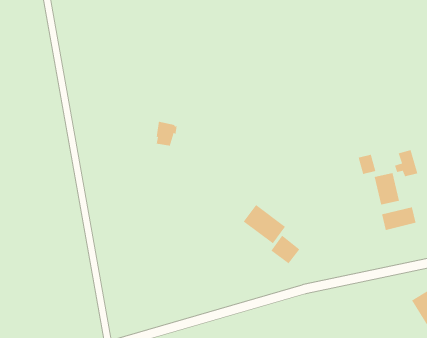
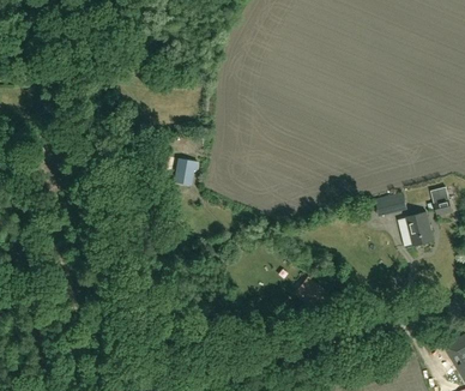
building: [243,204,286,244] -> none
building: [382,207,416,231] -> none

